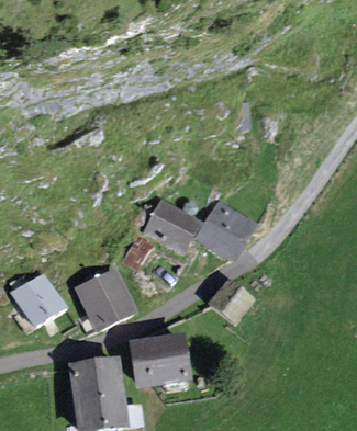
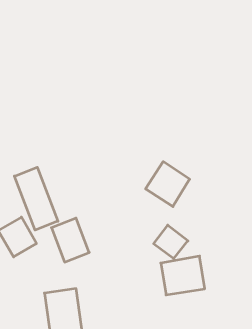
building: [145,200,199,249] -> none
building: none -> [14,167,58,230]
building: [130,337,185,385] -> [161,256,205,295]

